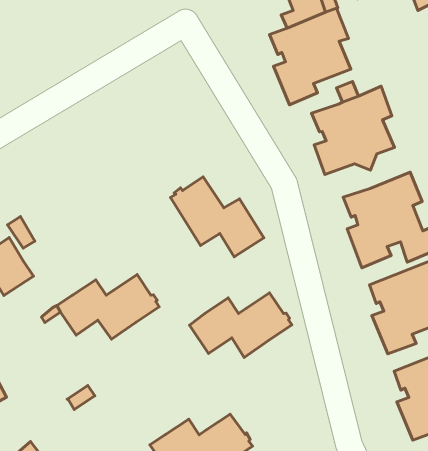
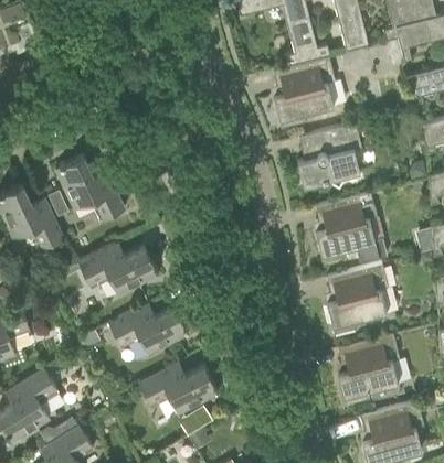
building: [171,177,264,257] -> [55,155,125,222]
building: [190,293,292,357] -> [108,306,189,355]

